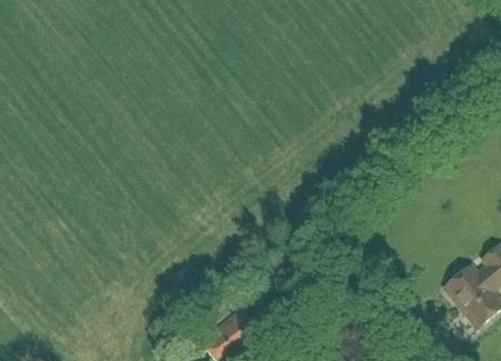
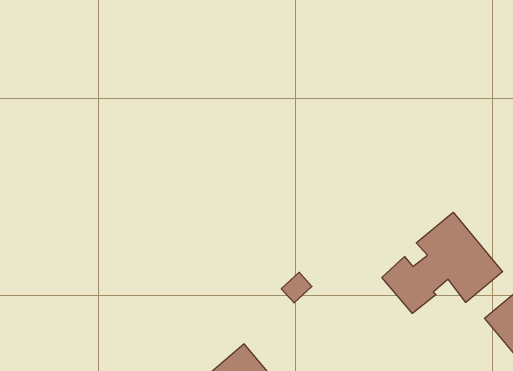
building: none -> [382,212,503,313]

